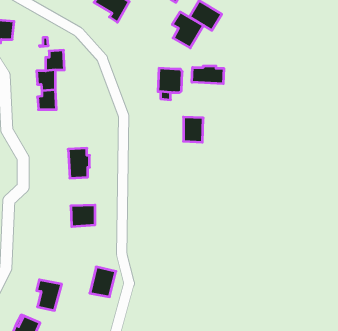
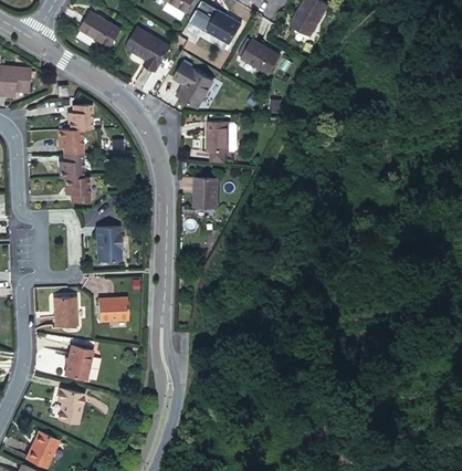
building: [172,12,204,48] -> [175,62,213,106]
building: [192,66,224,84] -> none
building: none -> [59,178,82,203]
building: [183,117,203,142] -> [196,174,220,205]
building: none -> [53,295,78,326]
building: [90,267,116,297] -> [63,344,95,380]

